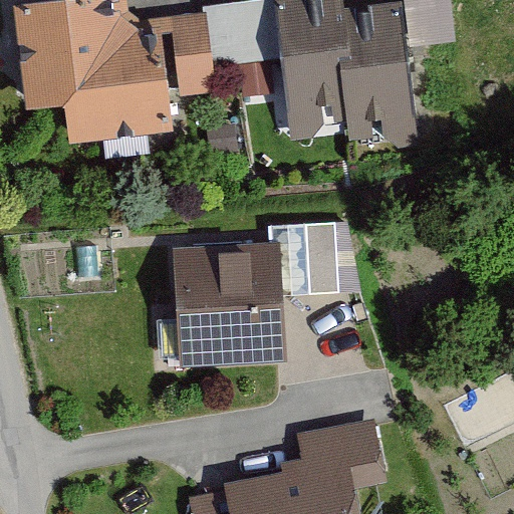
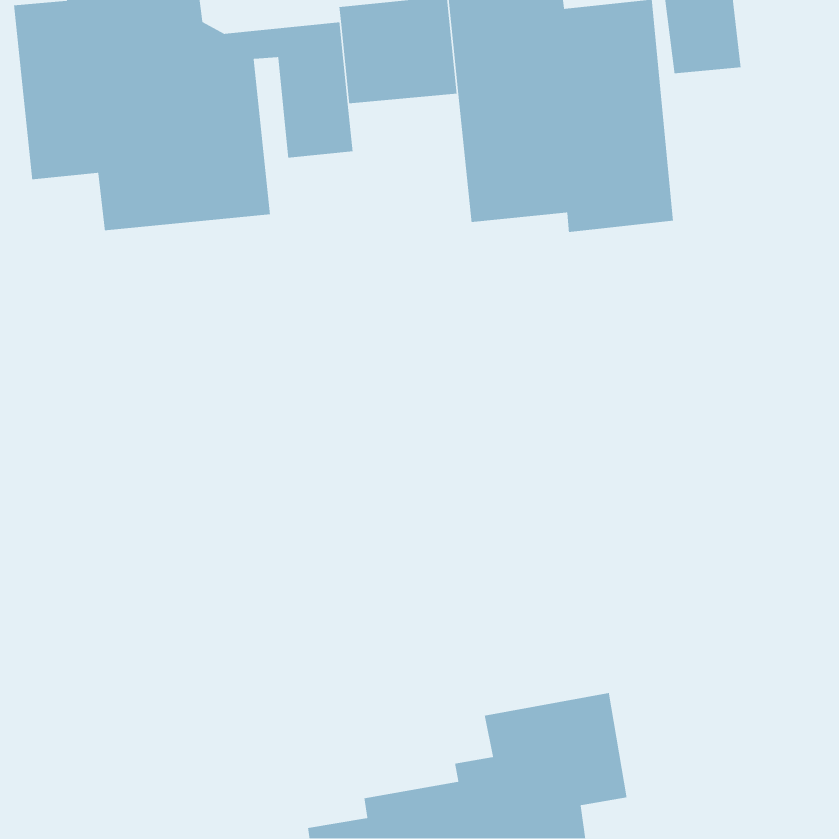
building: [176,224,335,367] -> none

